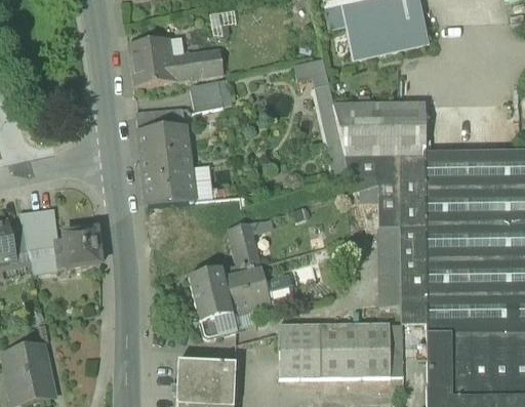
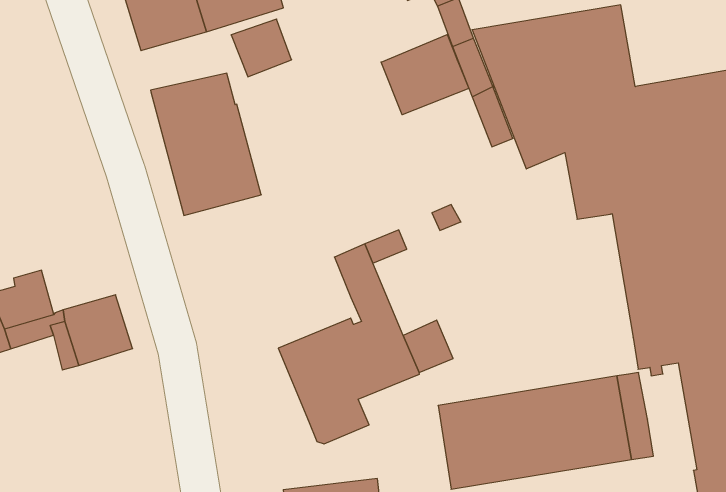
building: none -> [381,35,469,115]
building: [145,181,195,202] -> none
building: [379,226,402,303] -> none
building: [29,246,57,271] -> none

